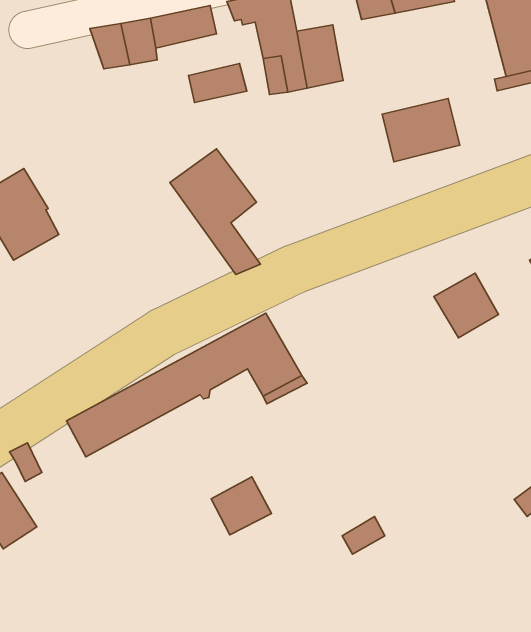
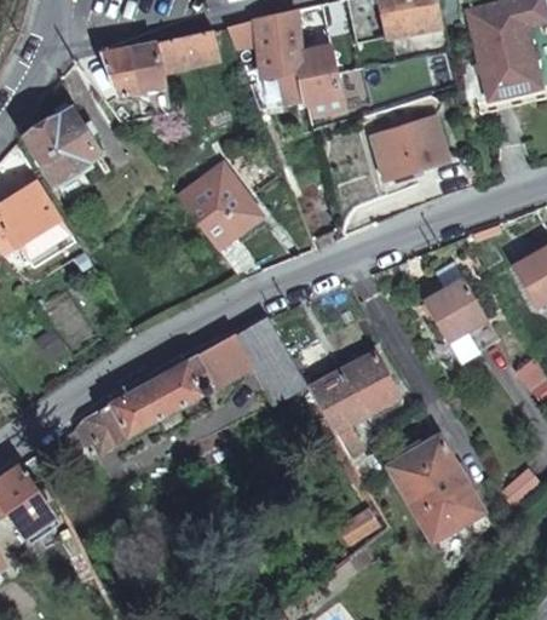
building: [188,63,247,103] -> none
building: none -> [25,108,100,184]
building: none -> [307,350,398,453]
building: none -> [388,436,484,540]
building: [211,477,272,535] -> none

